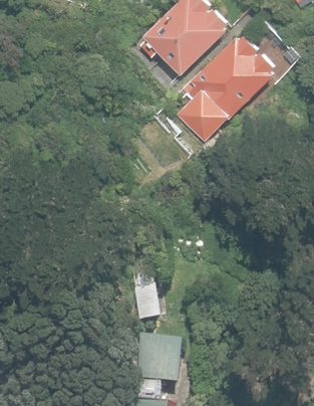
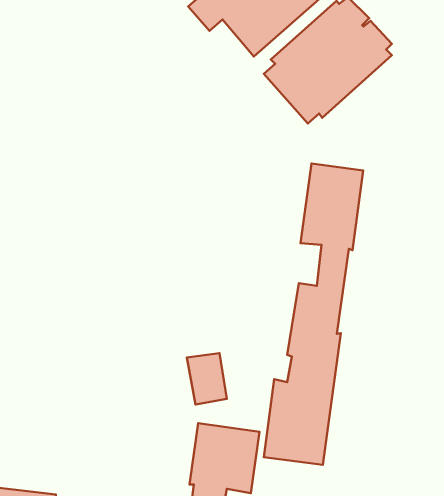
building: none -> [264,164,363,465]

